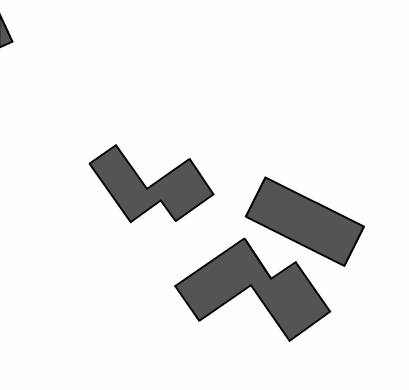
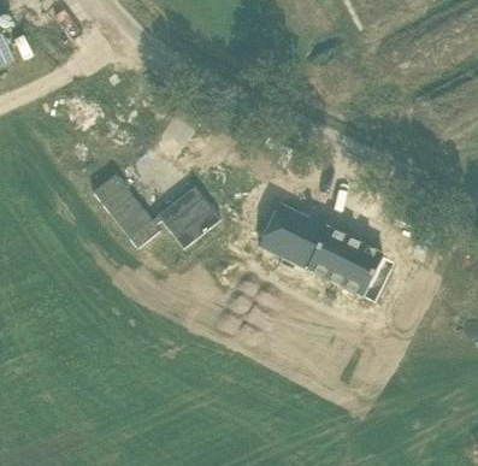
building: [175,239,330,341] -> none

